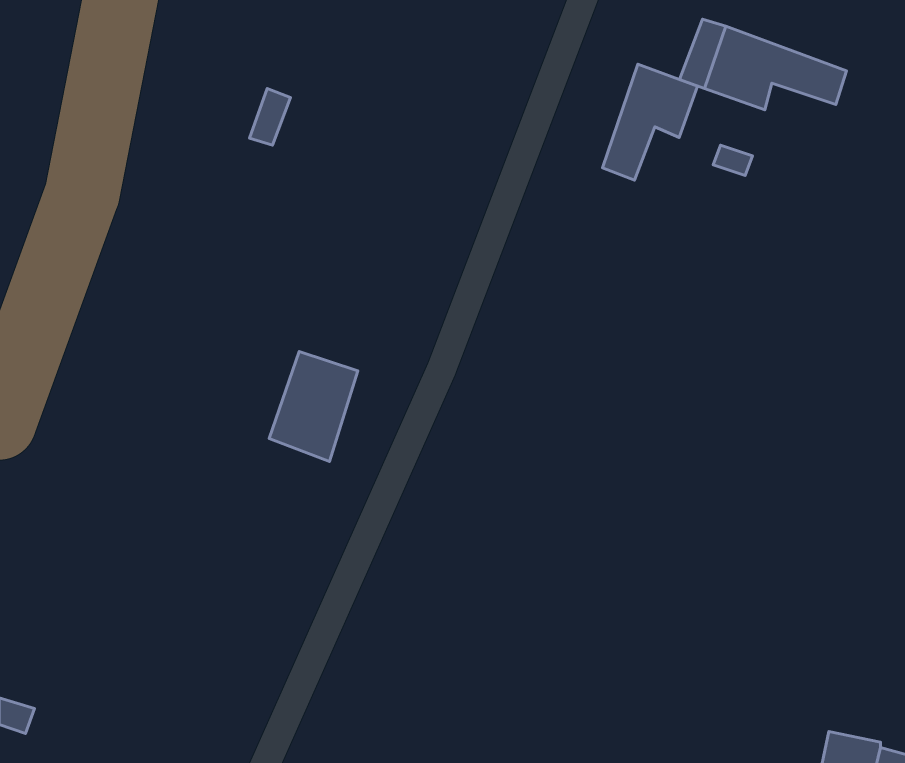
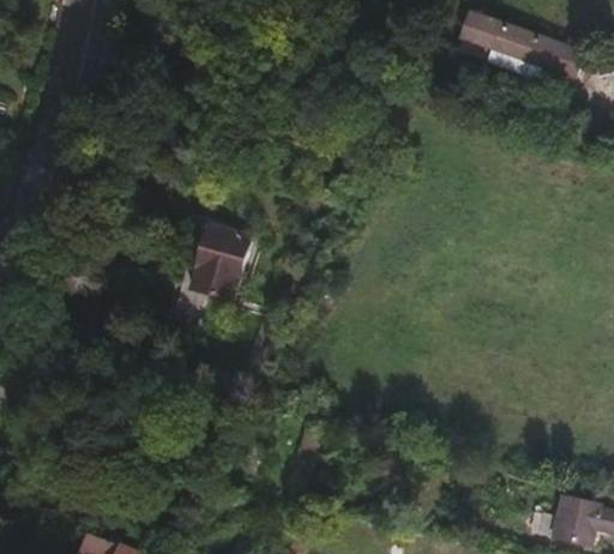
building: [603,64,697,180] -> none

